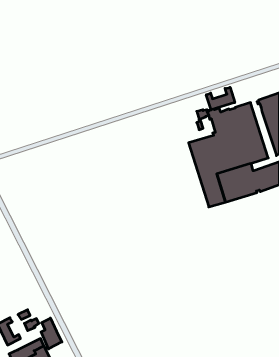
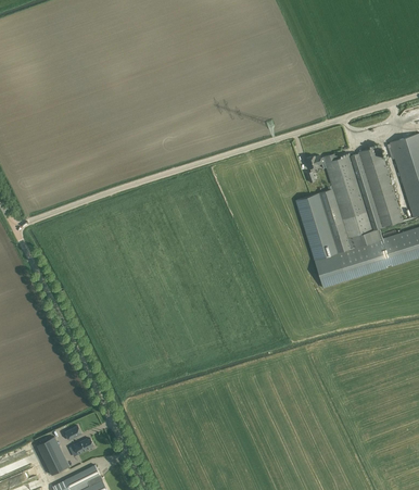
building: [206,87,235,110] -> none
building: [41,318,62,349] -> none

